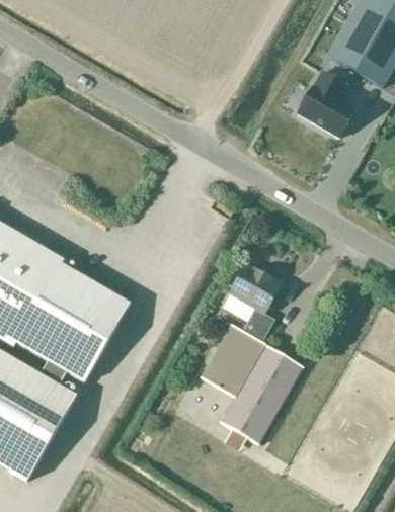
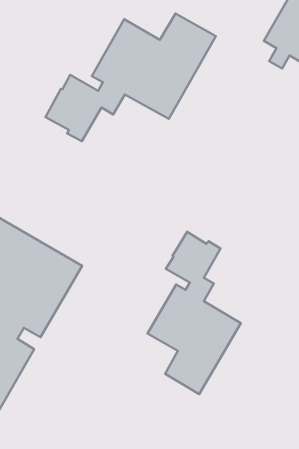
building: none -> [45,14,216,141]
building: [297,69,356,136] -> none

